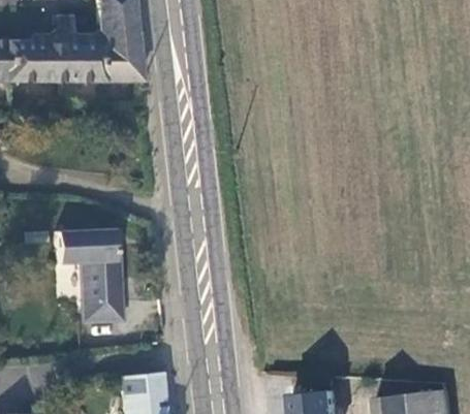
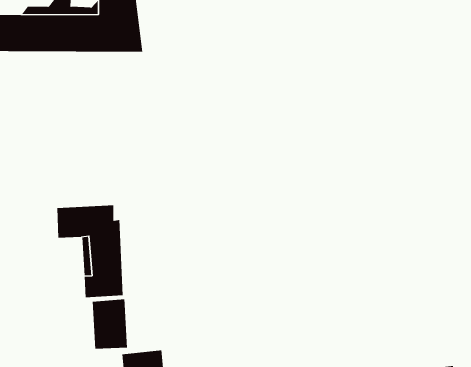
building: none -> [92,299,128,350]

